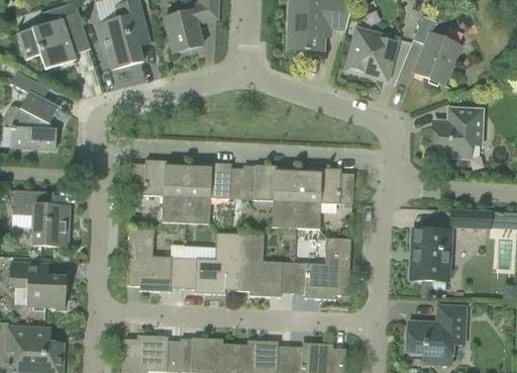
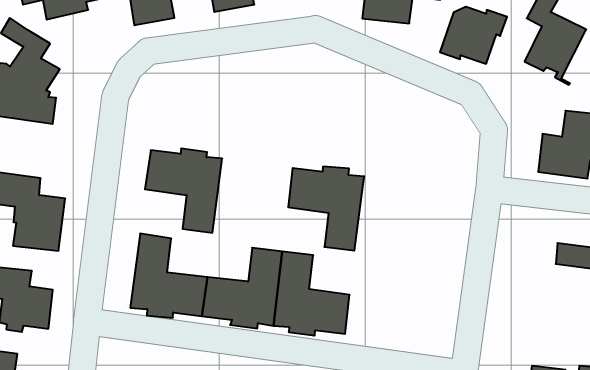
building: [185,162,242,223] -> none
building: [295,167,353,228] -> none
building: [410,227,451,281] -> none
building: [293,237,350,298] -> none

